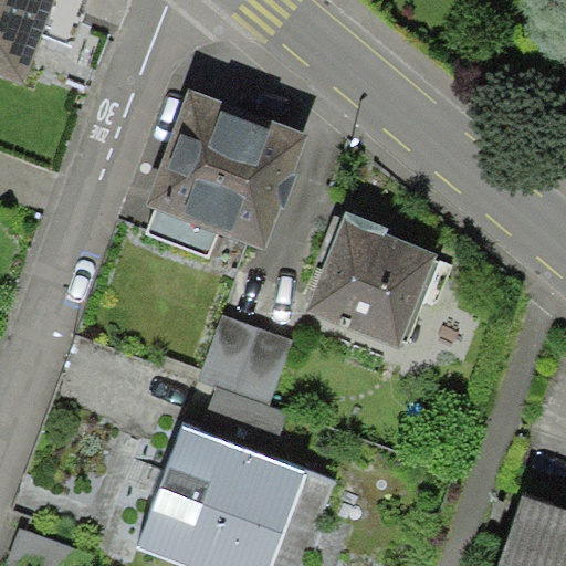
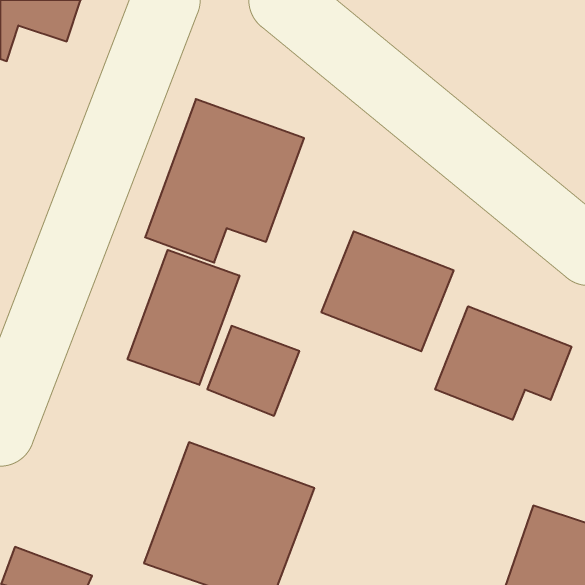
building: none -> [128,250,239,385]
building: none -> [435,306,571,420]

